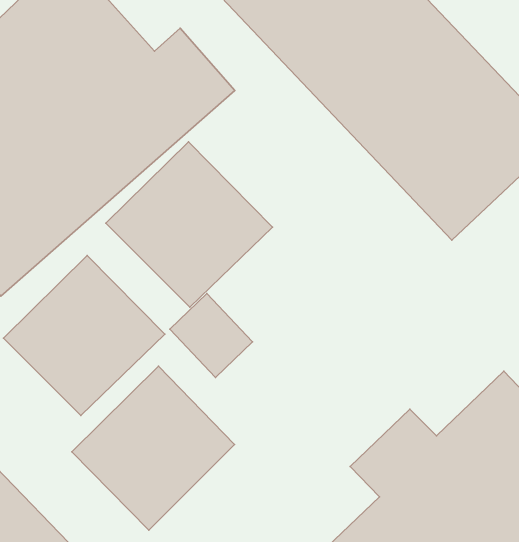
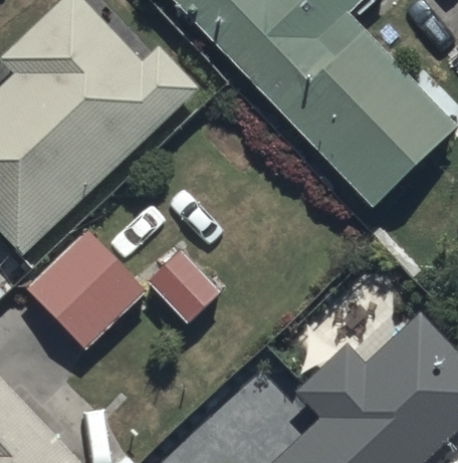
building: [106,142,272,307] -> none
building: [72,366,235,530] -> none

